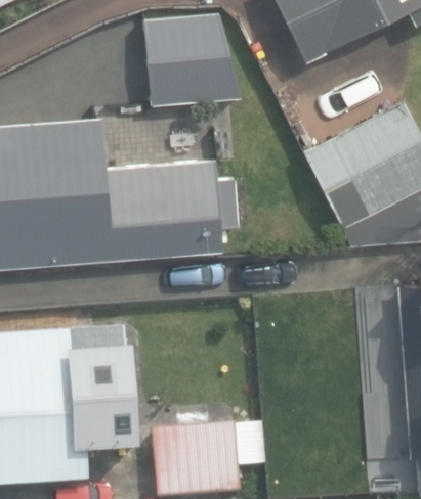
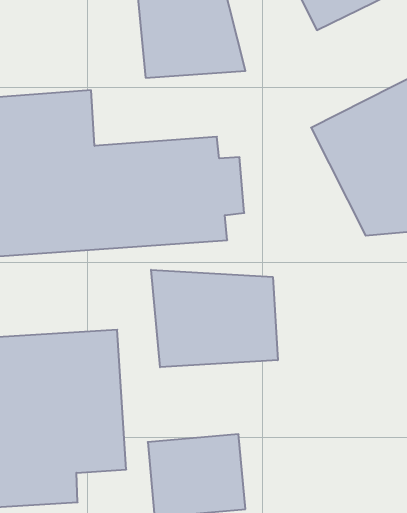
building: none -> [151,270,278,367]

